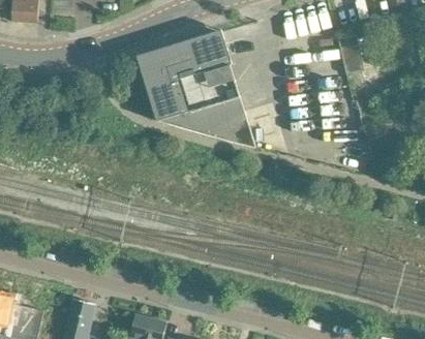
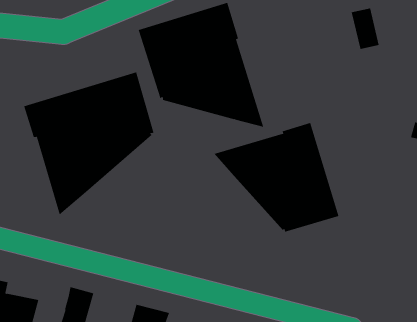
building: none -> [24,71,154,216]
building: none -> [214,122,339,232]

